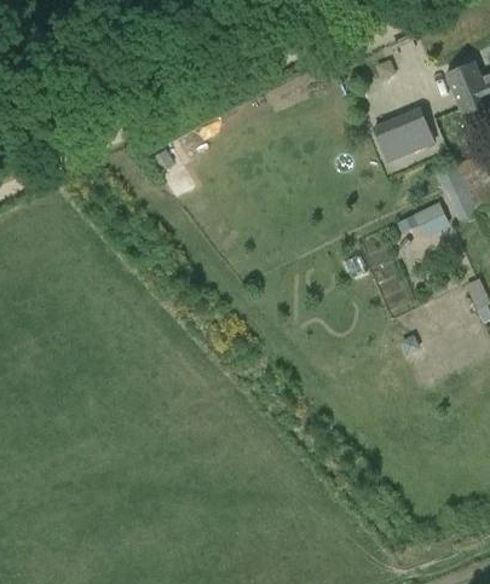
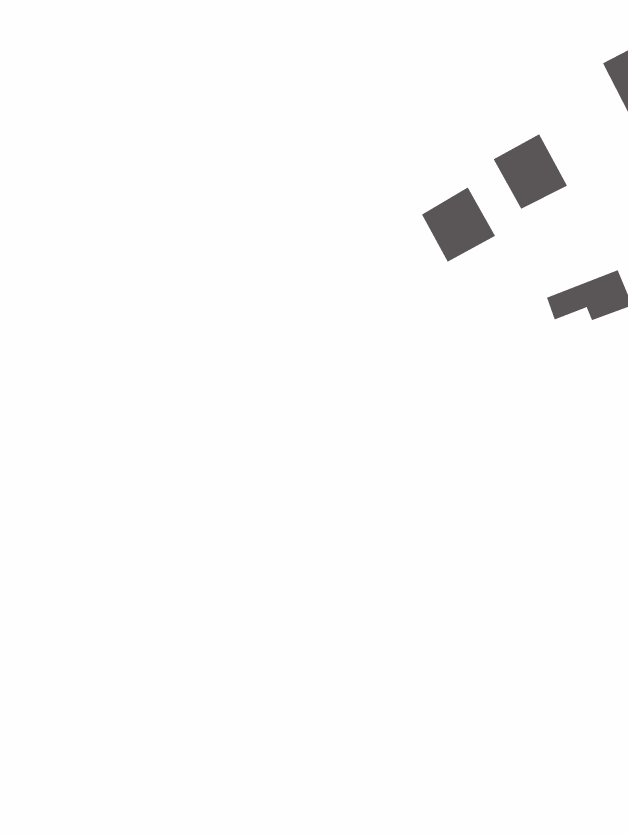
building: none -> [421,187,496,263]

